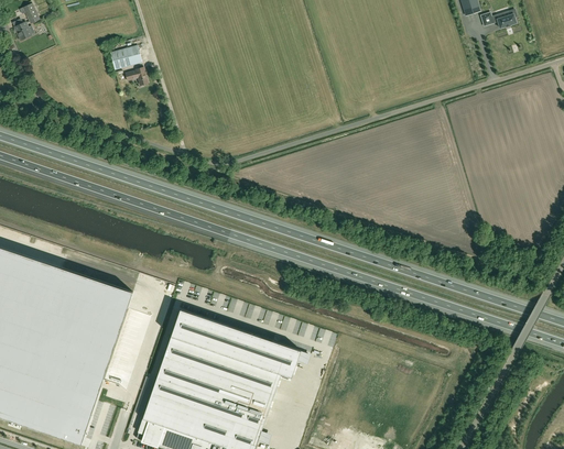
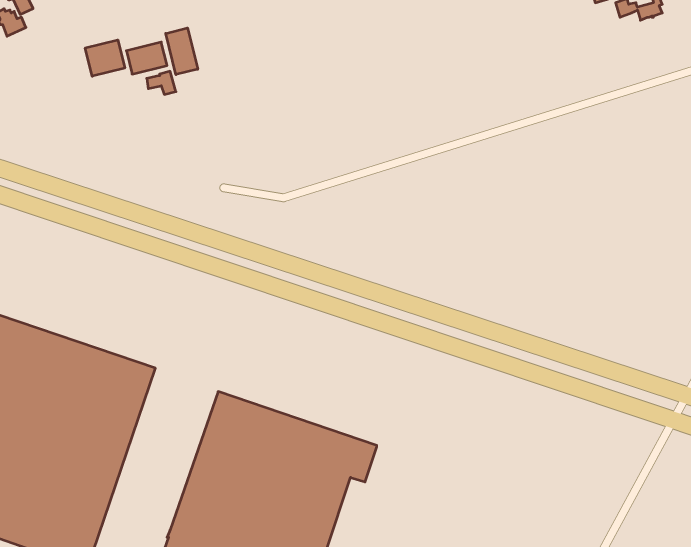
building: none -> [166,28,198,75]
building: none -> [85,40,125,76]

